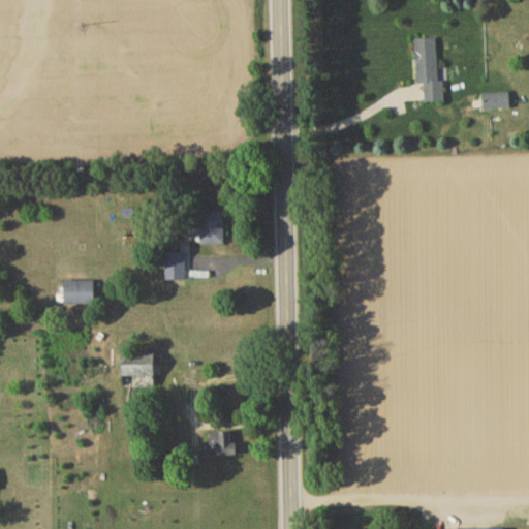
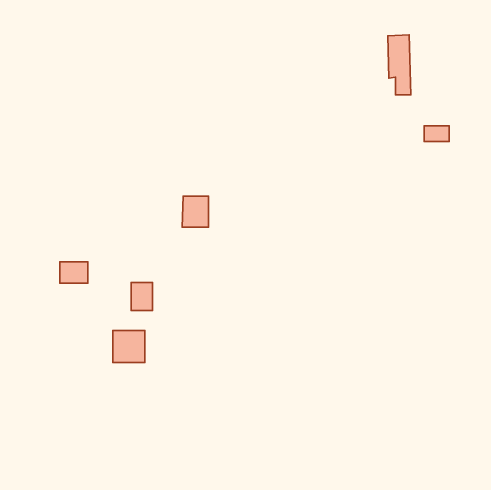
building: [483,92,509,108] -> [424,126,449,141]
building: [163,248,186,278] -> [131,282,152,310]
building: [204,430,237,456] -> none

